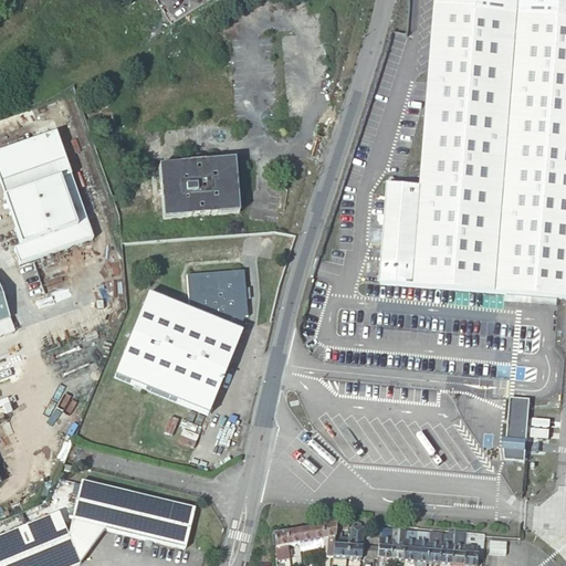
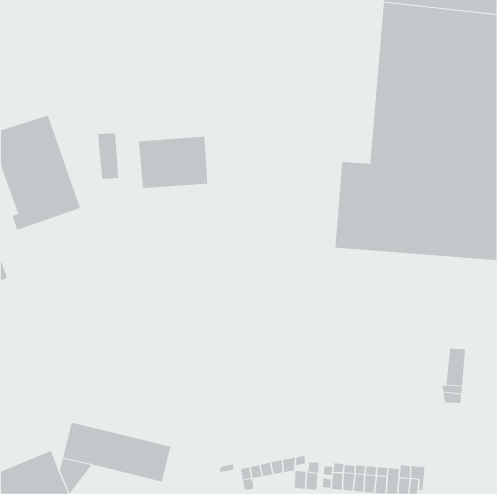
building: none -> [97,133,119,179]
building: [114,269,248,412] -> none

